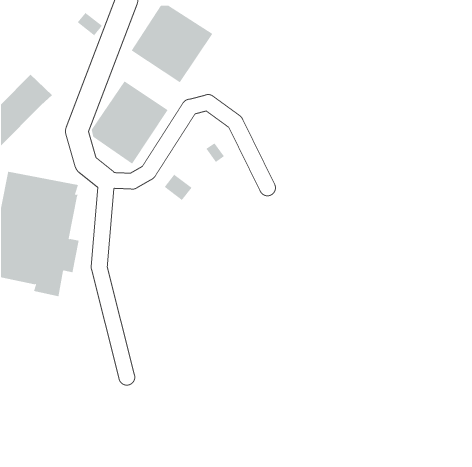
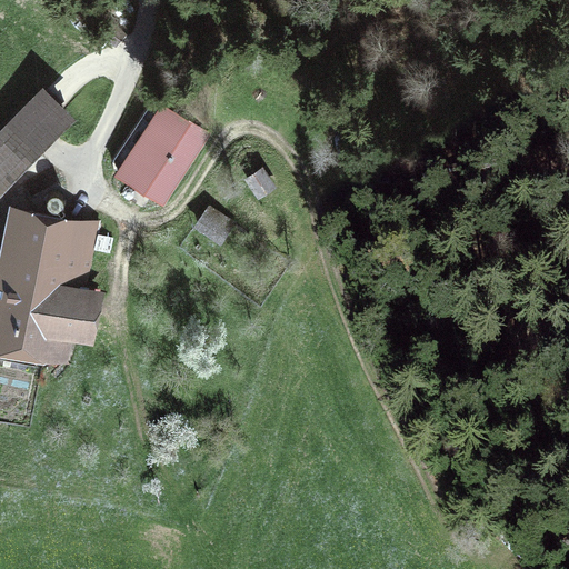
building: [131,5,213,83] -> none

